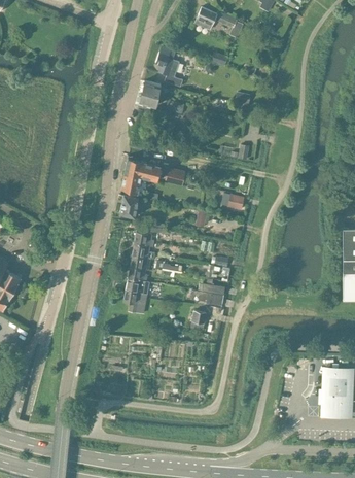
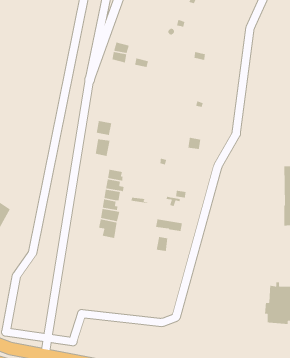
building: [156,46,182,86] -> none
building: [125,158,168,180] -> none

